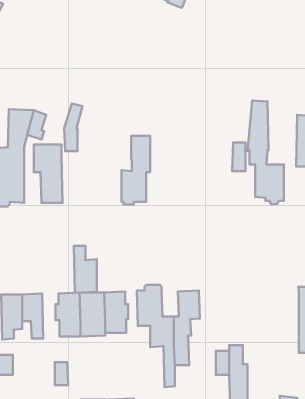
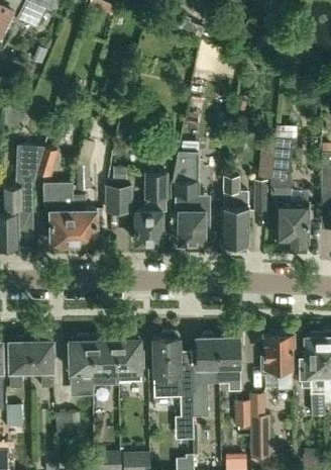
building: none -> [172,153,209,245]
building: none -> [223,176,247,248]
building: none -> [105,186,132,212]
building: [74,246,97,293] -> [73,195,97,245]
building: none -> [265,336,293,388]
building: none -> [218,338,240,391]
building: none -> [302,338,324,415]

